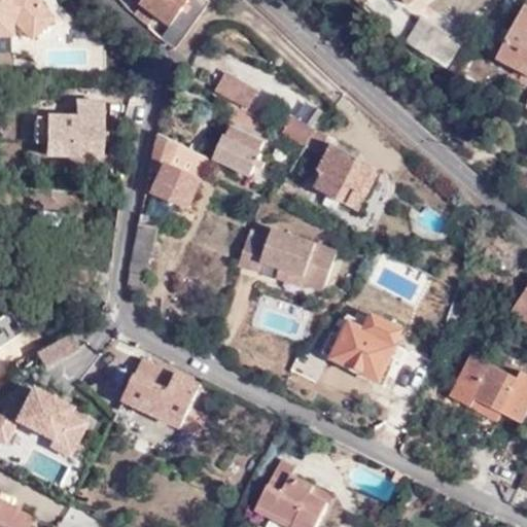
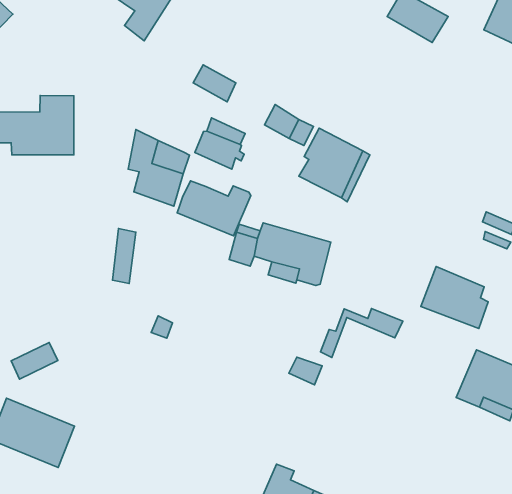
building: none -> [177,181,251,236]
building: [333,322,397,383] -> [421,266,488,328]
building: [117,354,203,434] -> none

